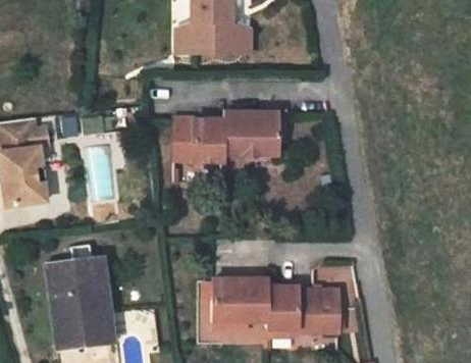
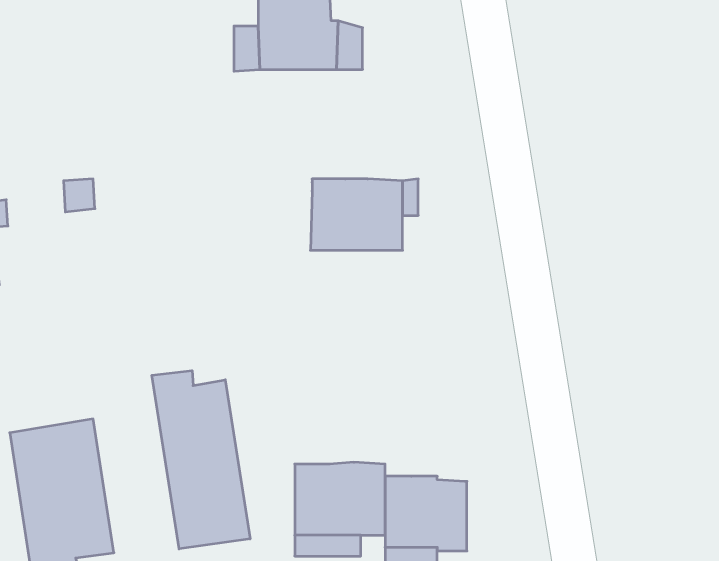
building: [174,118,223,165] -> none
building: none -> [152,371,250,549]
building: [314,292,337,332] -> none

